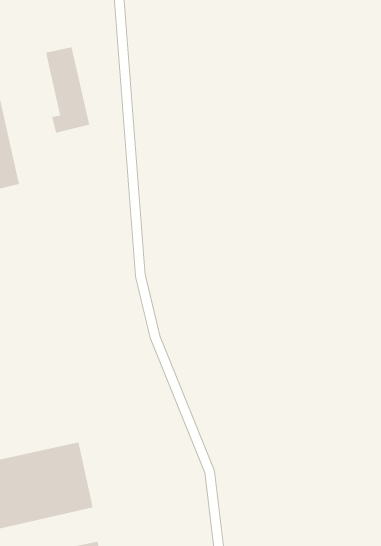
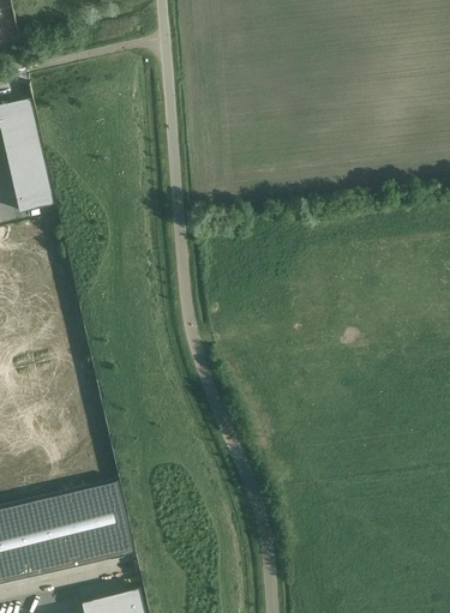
building: [45,46,90,133] -> none

